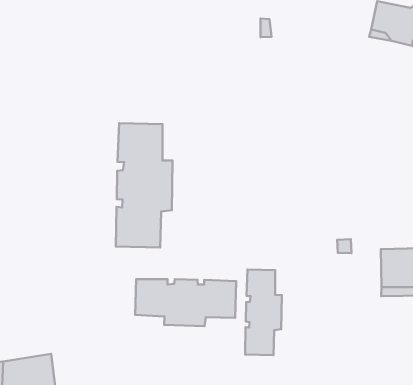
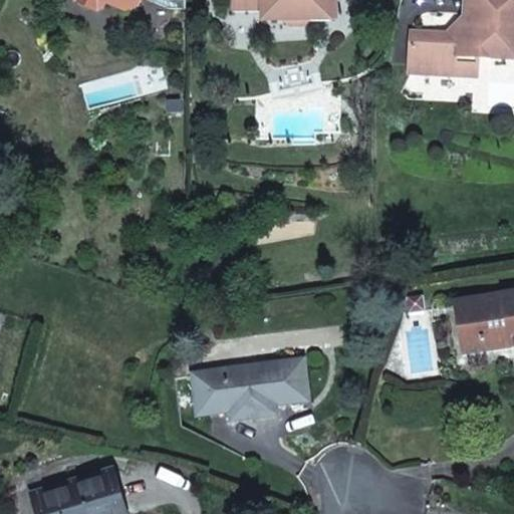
building: [116,123,173,248] -> none
building: [245,269,282,355] -> none

